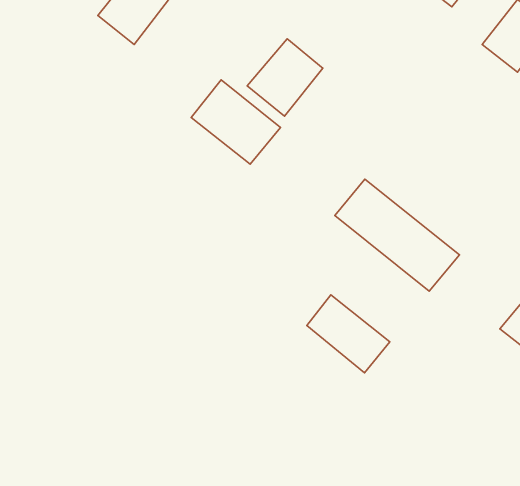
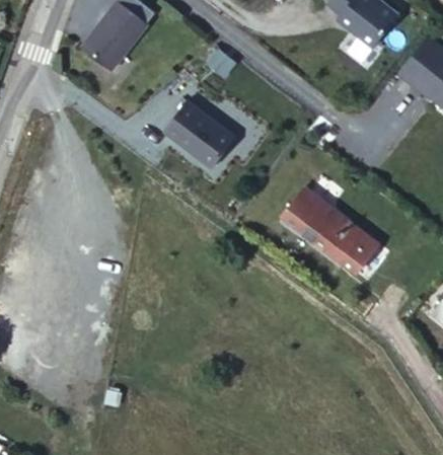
building: [247,39,323,116] -> none
building: [307,295,390,373] -> none

